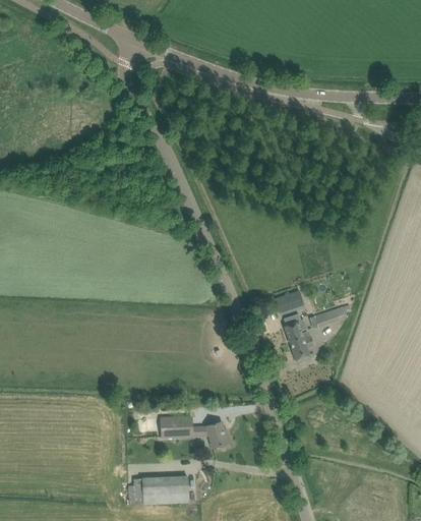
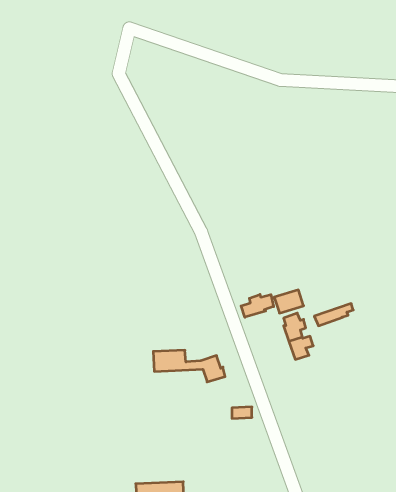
building: none -> [241,294,274,317]
building: [160,416,229,447] -> [153,350,225,382]

